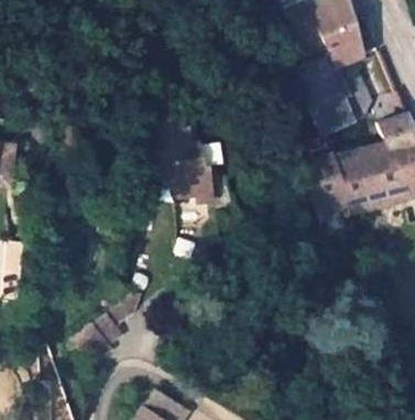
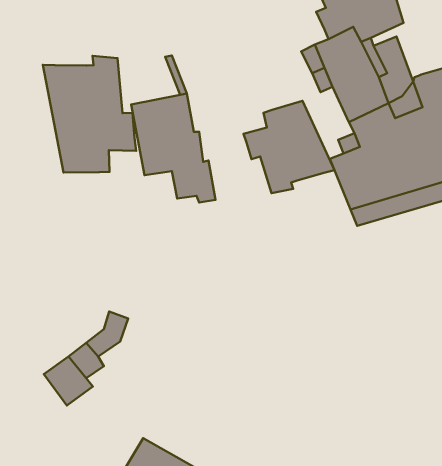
building: none -> [43,56,136,173]
building: none -> [243,101,334,193]

